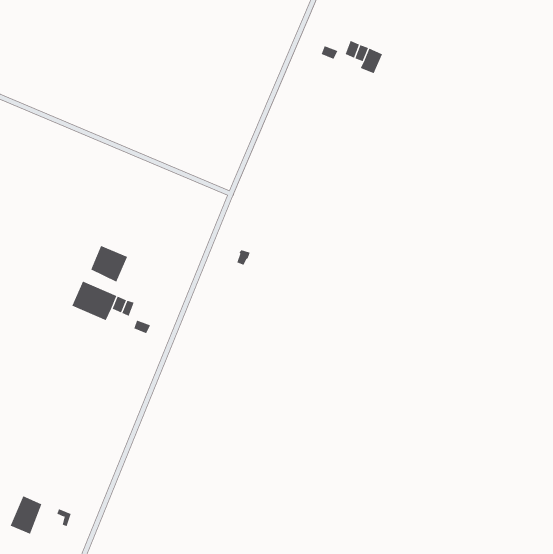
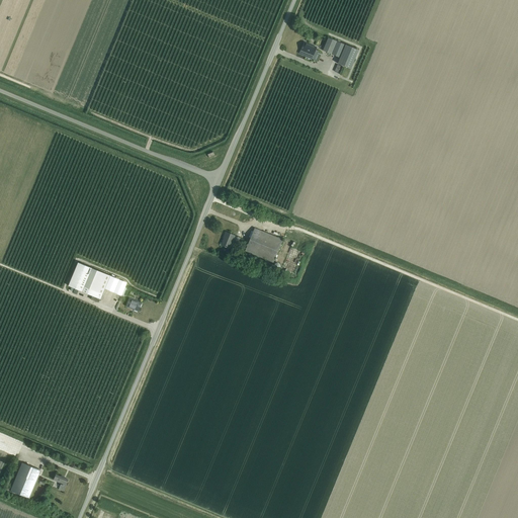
building: none -> [244,229,281,263]
building: [90,245,128,282] -> none

